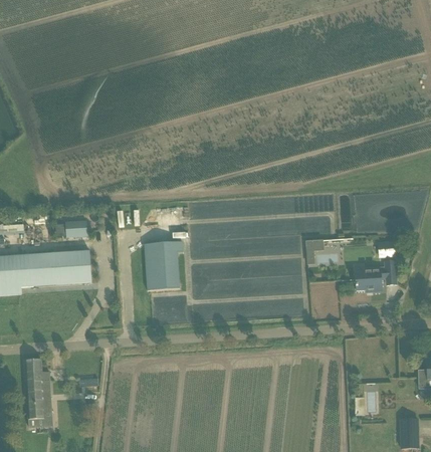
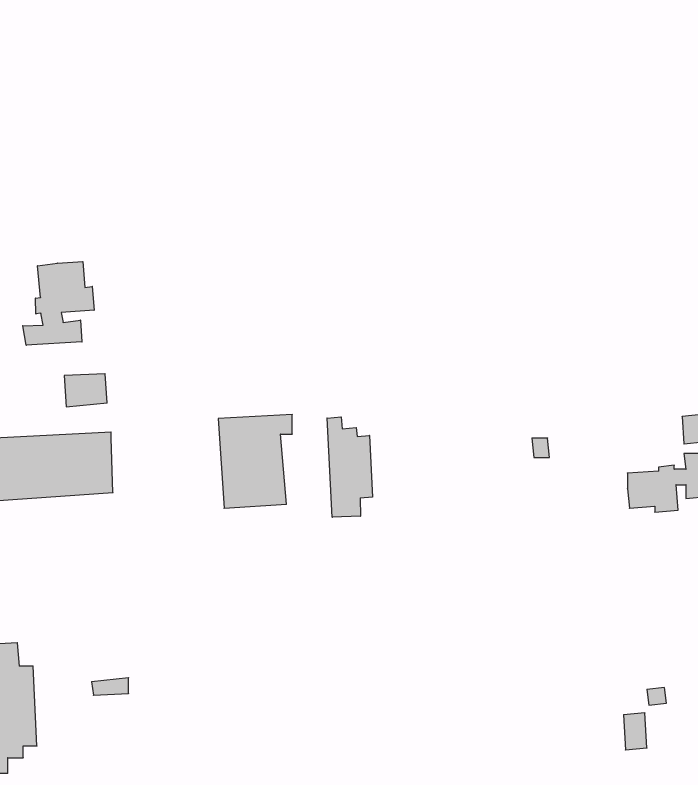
building: none -> [23,262,94,345]
building: none -> [327,417,372,517]

